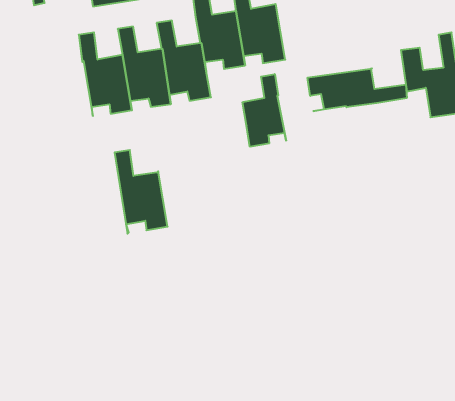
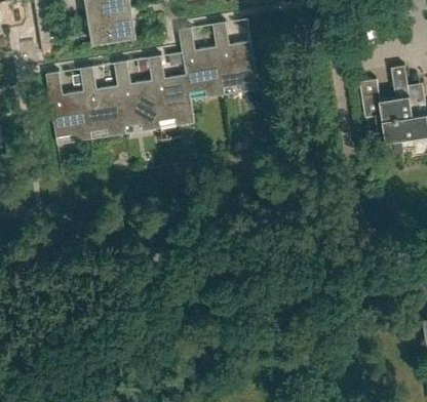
building: [308,68,407,111] -> none
building: [242,74,286,147] -> none
building: [115,150,168,234] -> [45,72,91,145]

